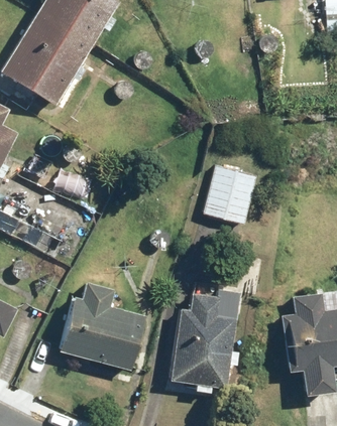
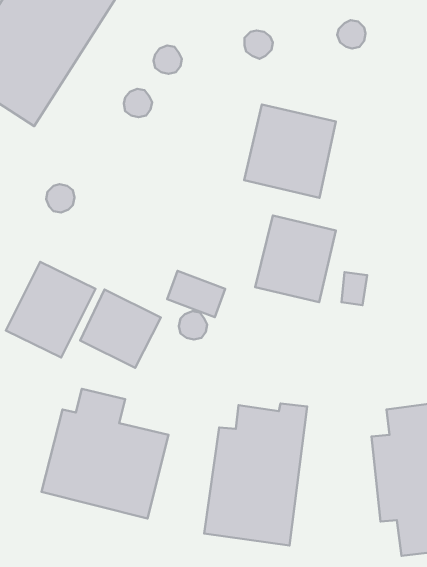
building: none -> [244,105,336,198]
building: none -> [80,289,161,368]

